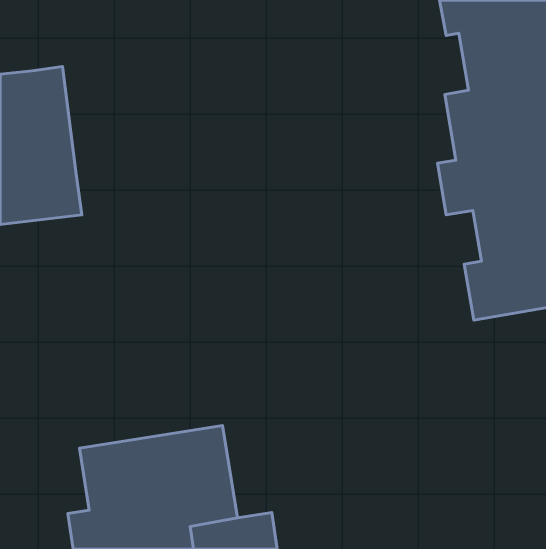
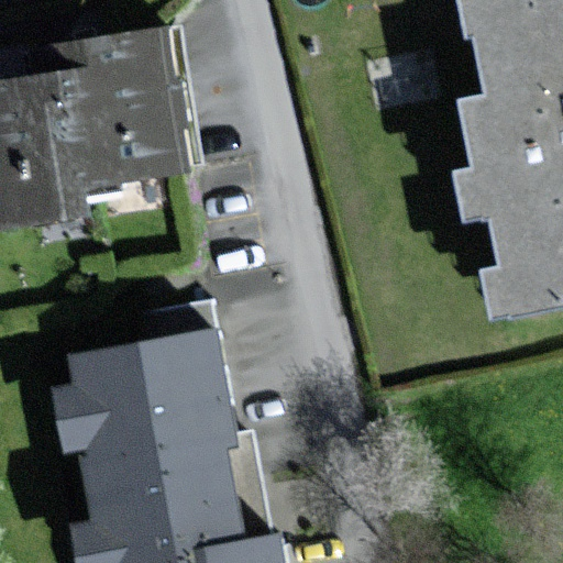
building: none -> [33,29,183,178]
building: none -> [52,329,231,459]

